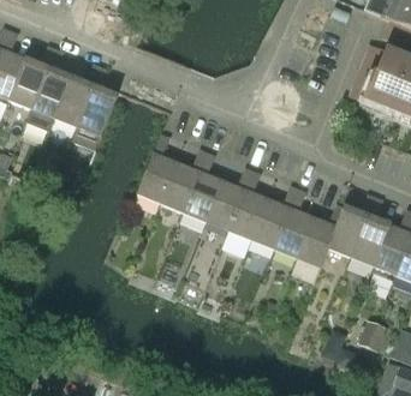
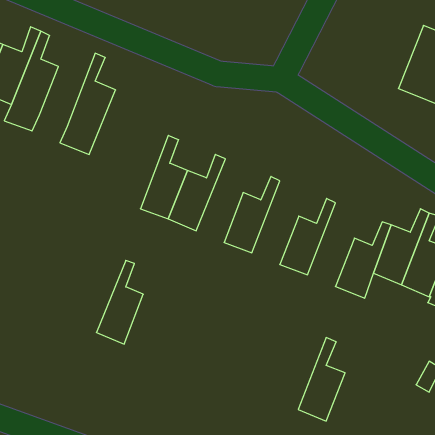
building: [54,65,100,127] -> none
building: [183,154,221,222] -> [96,260,143,344]
building: [228,172,267,240] -> none
building: [274,190,312,258] -> [298,338,345,421]

